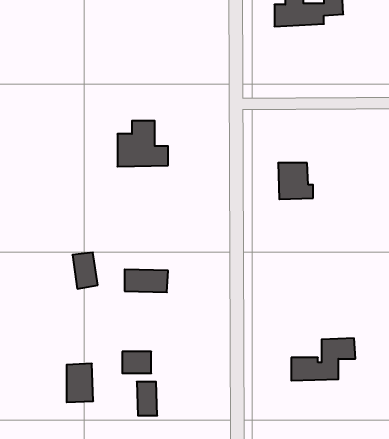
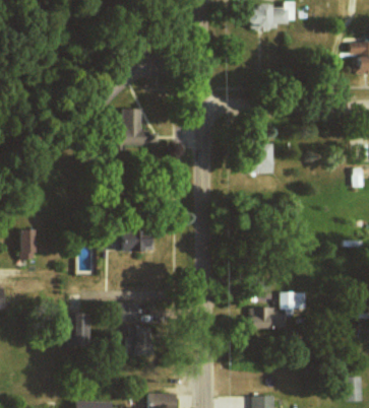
building: [72,252,98,289] -> [16,229,38,260]

